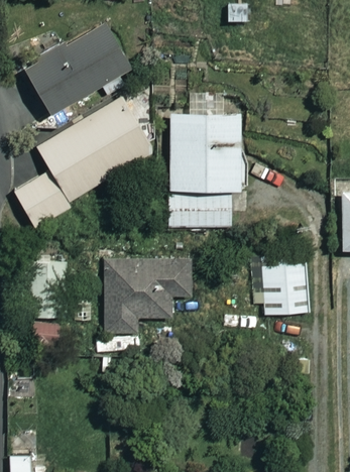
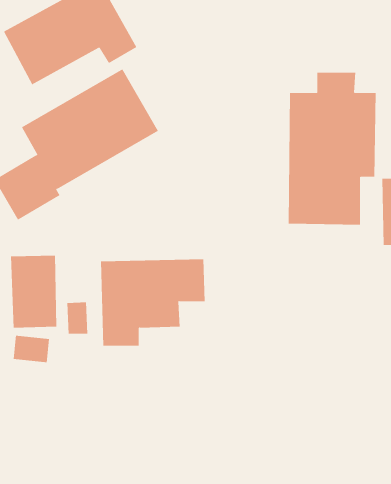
building: [169,99,244,228] -> [288,72,376,225]
building: [263,264,310,316] -> none

